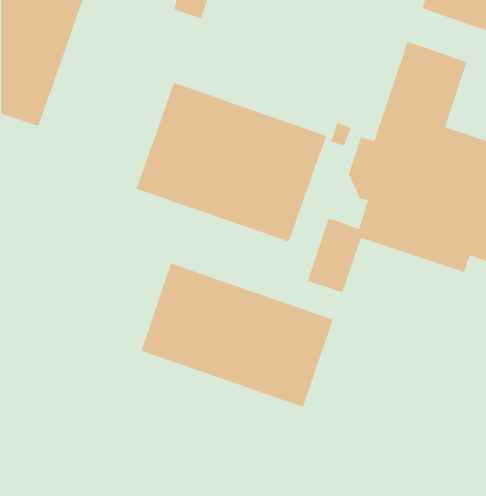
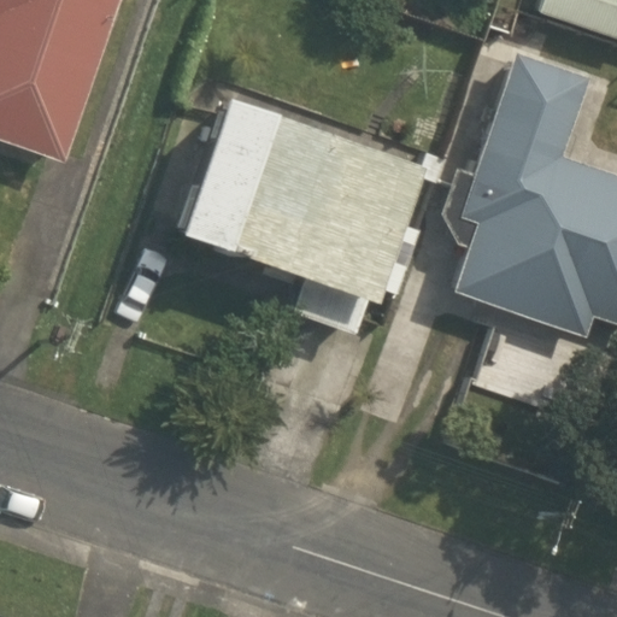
building: [140,262,334,408] -> none

